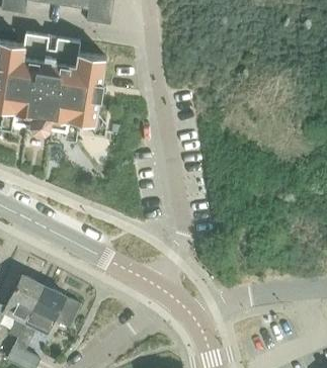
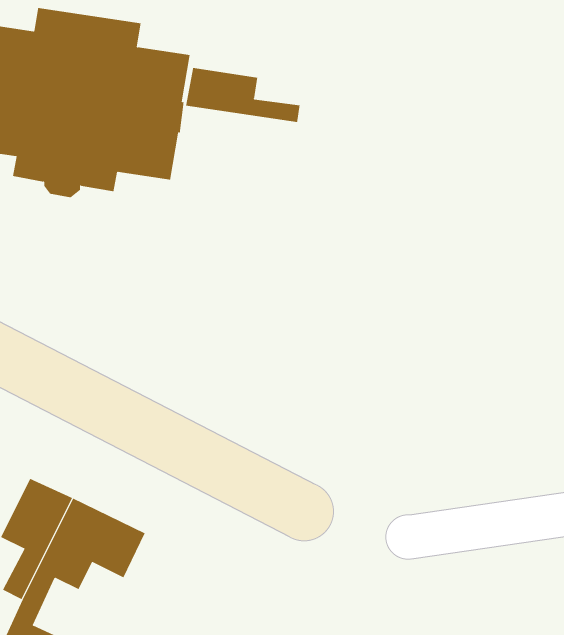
building: none -> [185,67,300,123]

